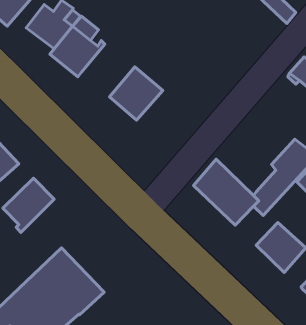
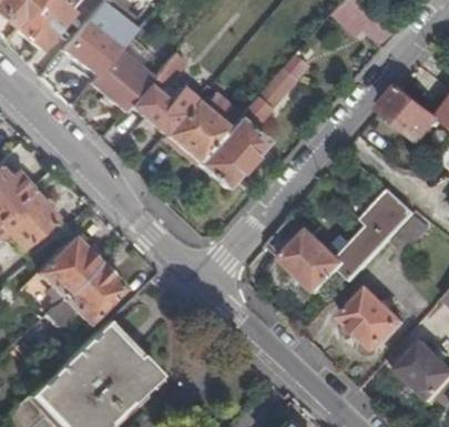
building: none -> [130,53,195,135]
building: none -> [197,70,294,187]
building: none -> [42,261,123,327]

